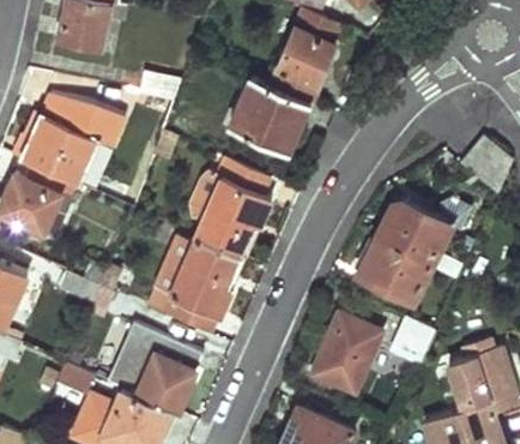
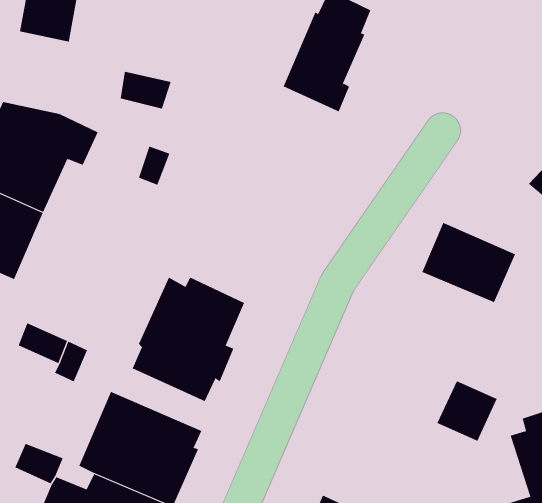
building: [226,76,310,155] -> none
building: [189,157,274,257] -> none
building: [357,230,435,300] -> none
building: [314,313,385,392] -> none

